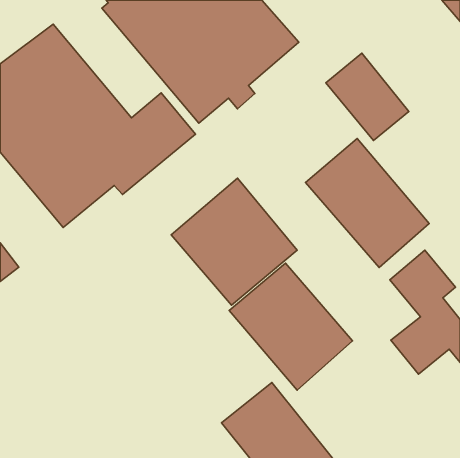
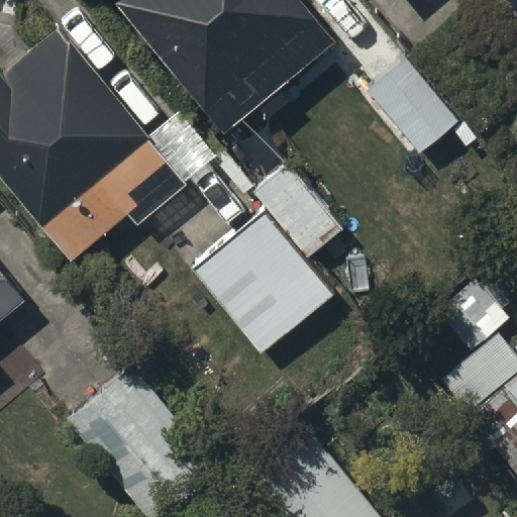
building: [306,139,429,267] -> none
building: [229,263,352,390] -> none
building: none -> [69,360,215,511]

